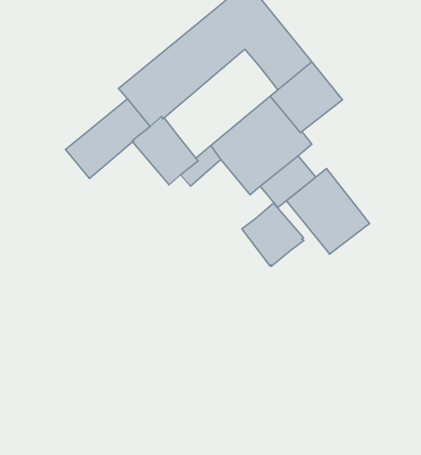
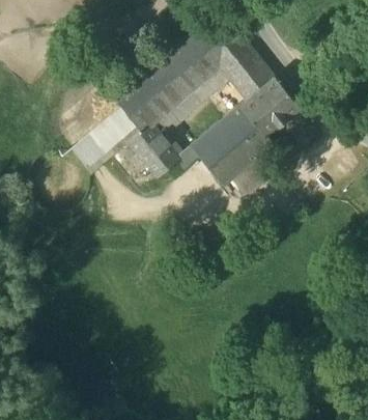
building: none -> [152,65,231,136]
building: [286,169,369,254] -> none
building: [242,203,304,266] -> none

